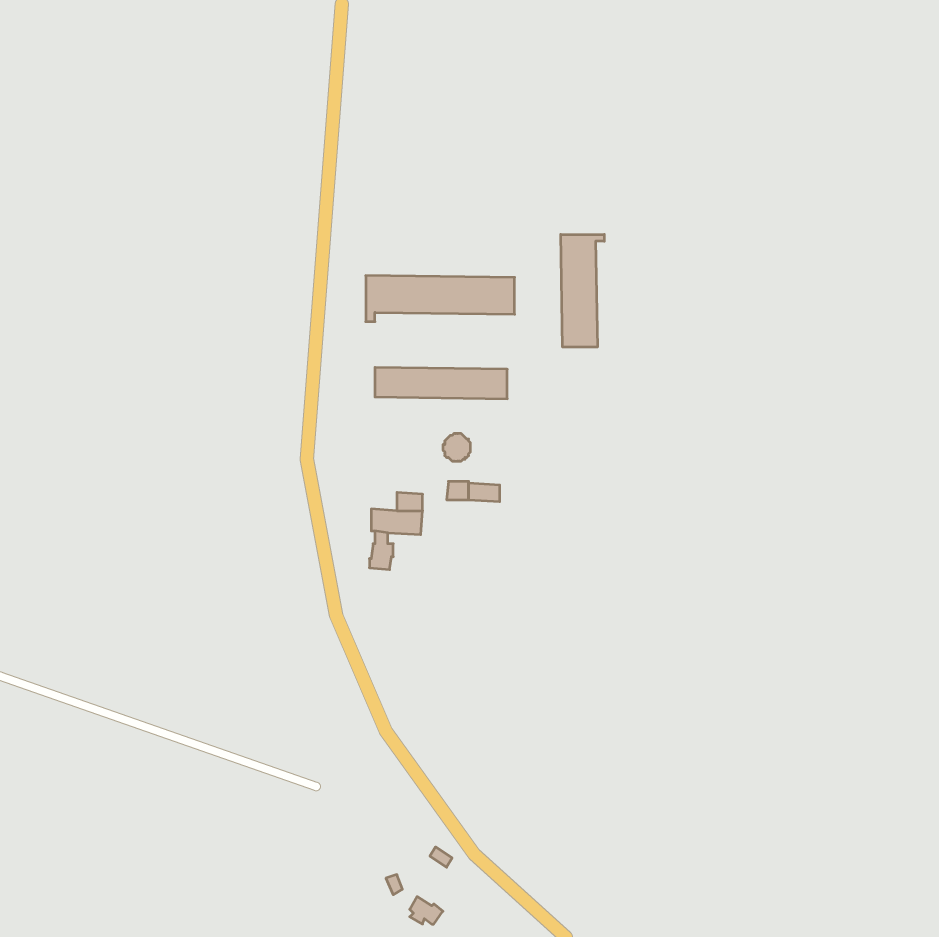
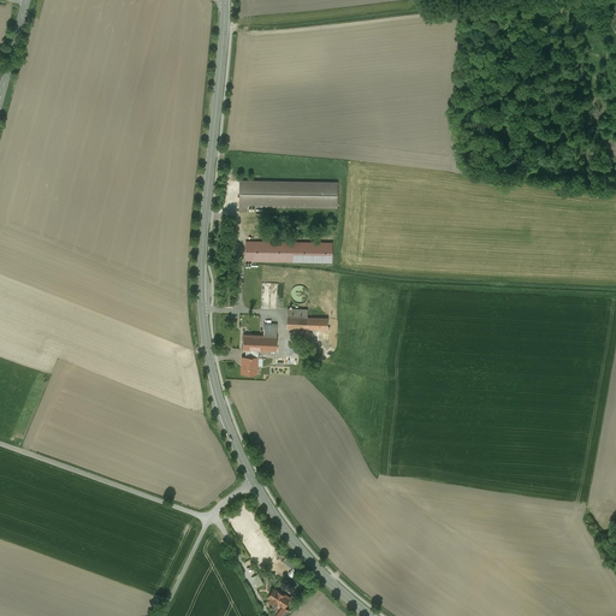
building: [561,234,604,347] -> none

